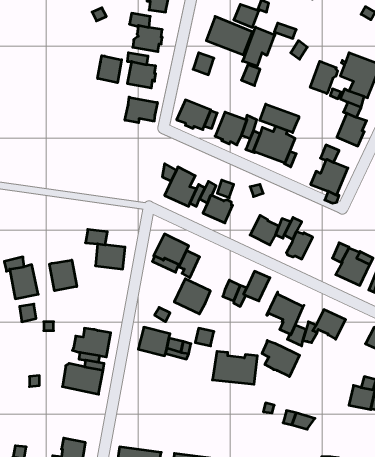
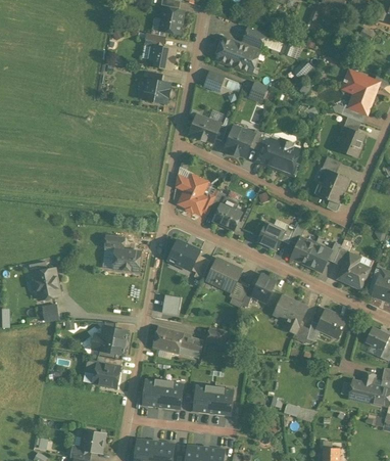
building: [242,27,275,66] -> none
building: [98,56,122,83] -> none
building: [310,61,338,94] -> none
building: [125,97,157,123] -> none
building: [260,104,299,133] -> none
building: none -> [305,242,332,272]
building: [49,260,77,291] -> none
building: [174,279,210,314] -> [207,258,241,290]
building: [262,340,300,377] -> none
building: [212,351,257,384] -> [192,384,234,415]
building: none -> [142,378,184,410]

